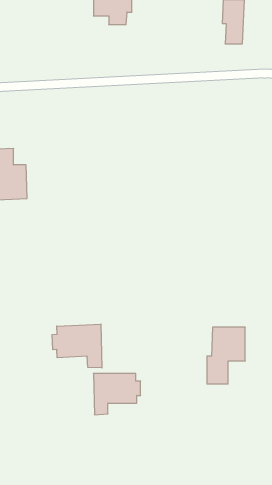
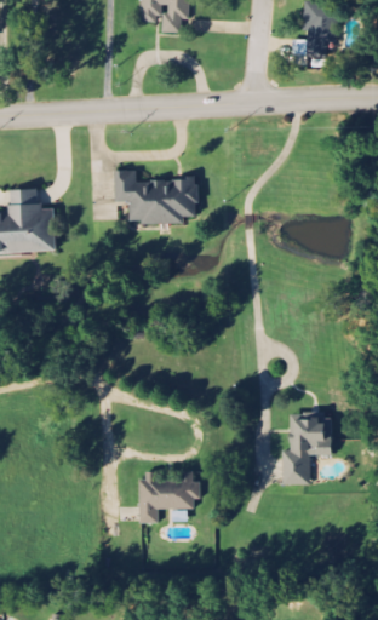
building: none -> [115,170,197,223]
building: [52,324,102,368] -> none

